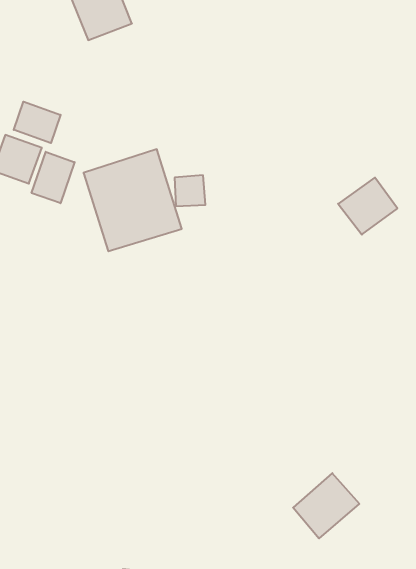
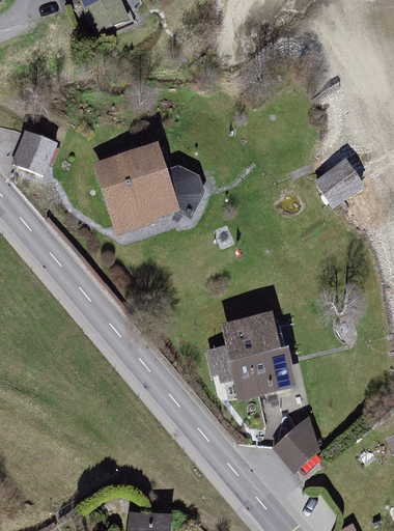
building: [14,102,61,143] -> none
building: [32,152,75,203] -> none
building: none -> [220,311,301,397]

